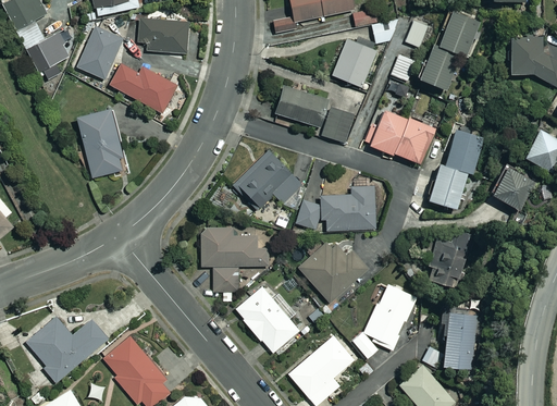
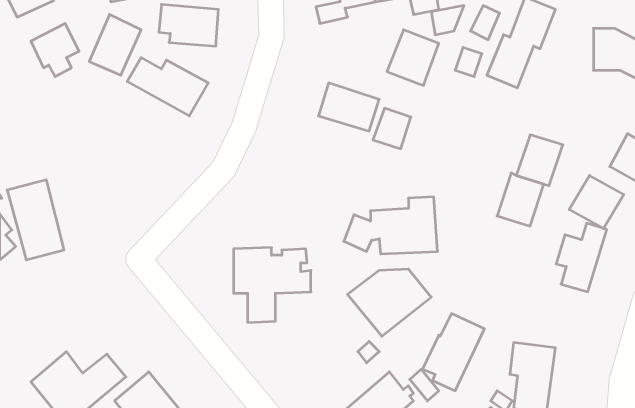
building: [76,109,125,177] -> [7,180,64,260]
building: [364,111,435,164] -> none
building: [235,150,307,209] -> none
building: [428,229,471,287] -> [556,223,607,292]
building: [235,286,299,354] -> none

